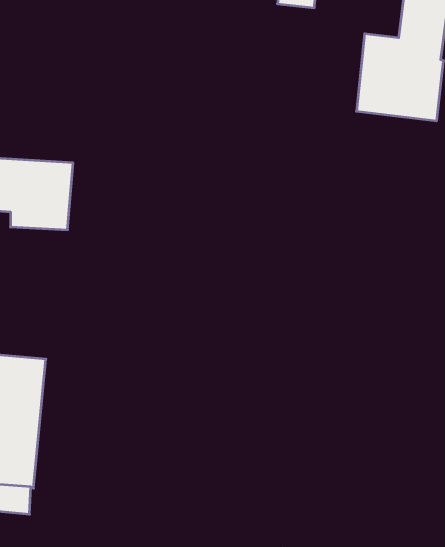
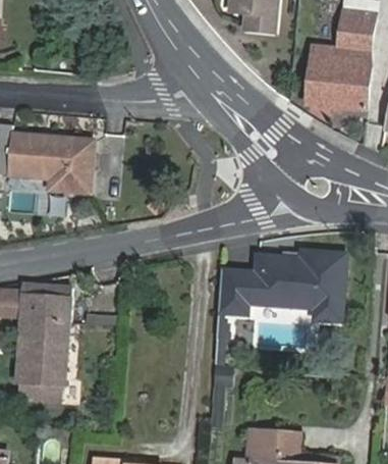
building: none -> [219,252,347,322]

